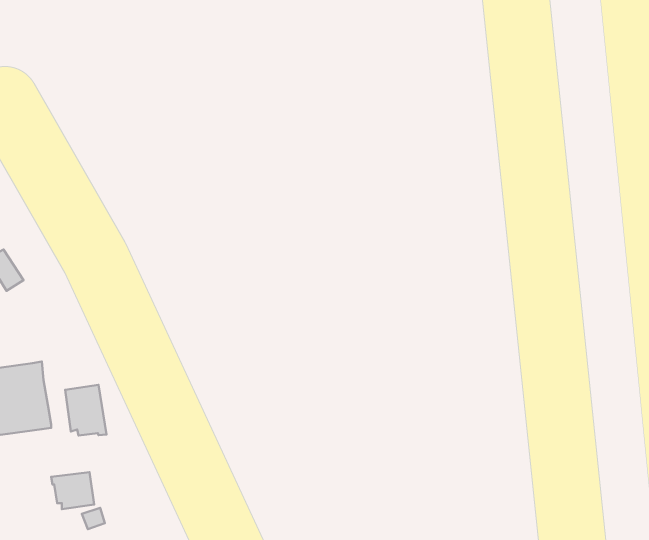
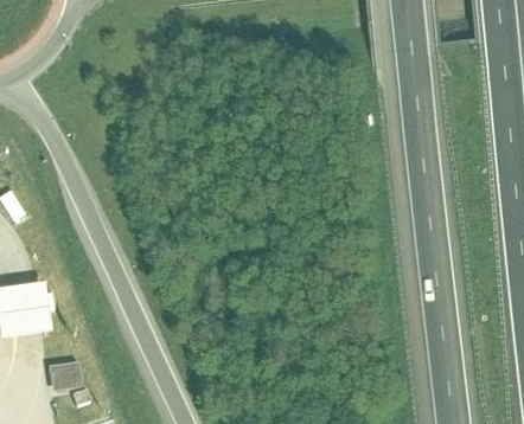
building: [65,385,107,435] -> none

